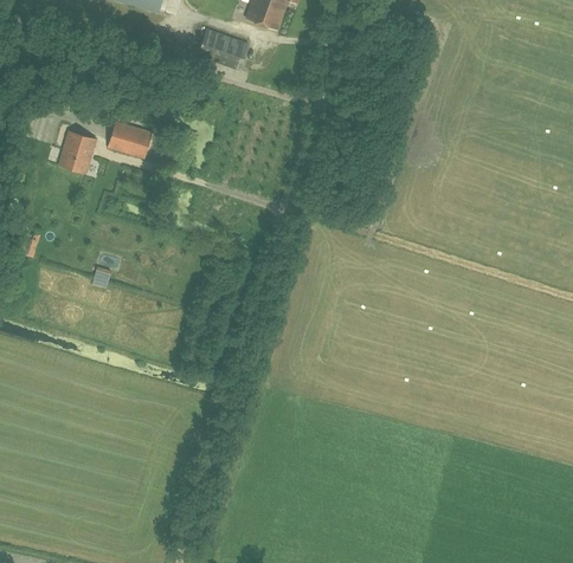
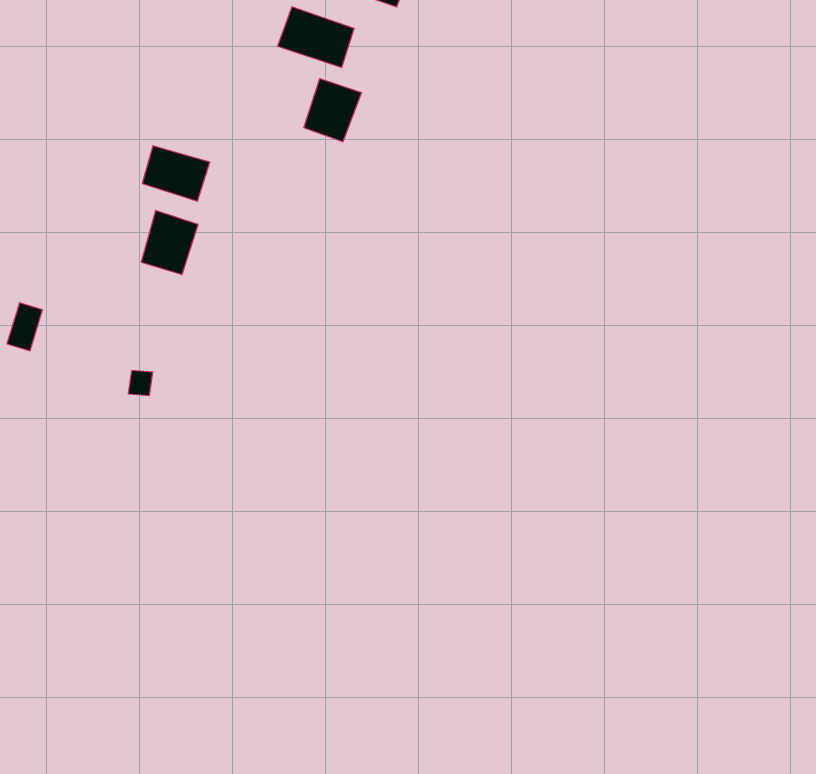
building: none -> [304,79,361,142]
building: [58,128,96,170] -> [141,210,198,275]

